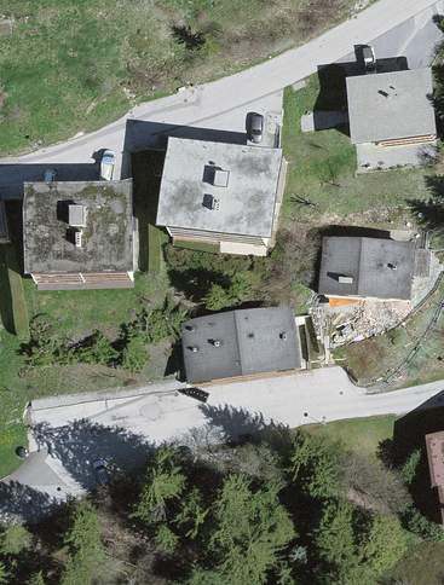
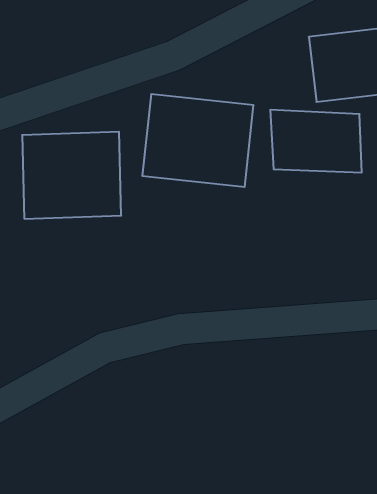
building: [309,239,409,308] -> [270,110,362,173]
building: [174,302,302,384] -> none

